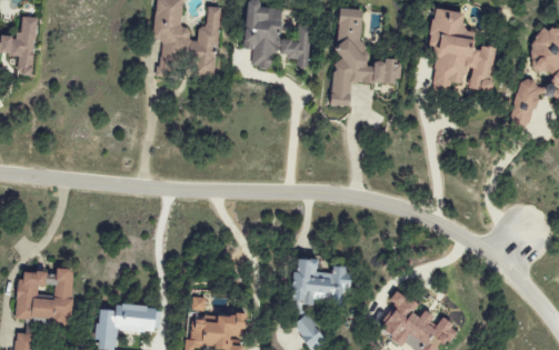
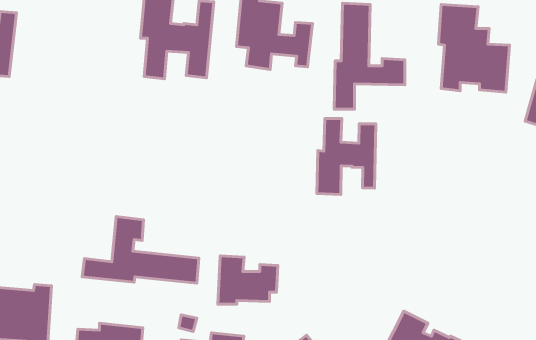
building: none -> [317,118,376,194]
building: none -> [82,216,199,283]
building: [295,258,350,302] -> [218,256,278,304]

